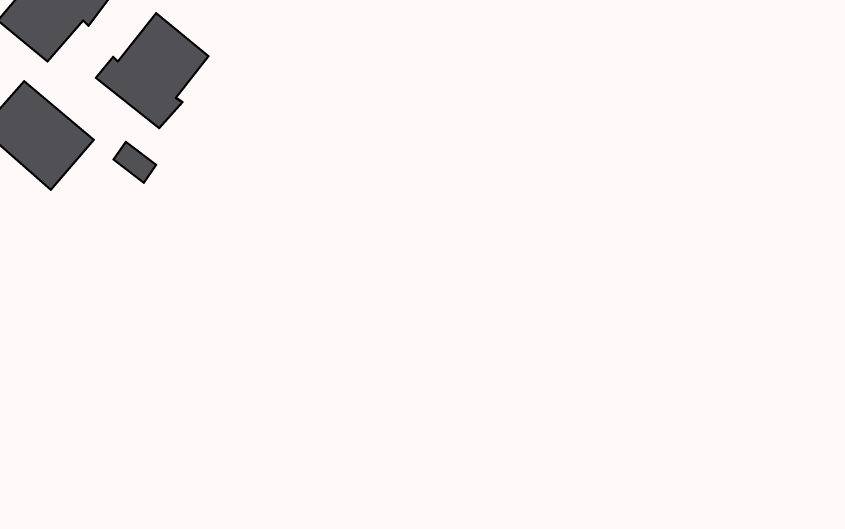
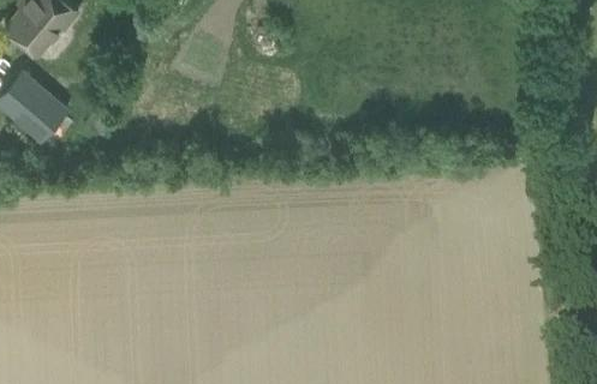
building: [96,13,208,128] -> none

